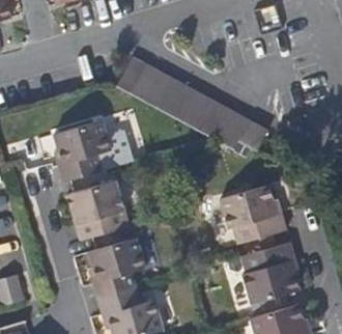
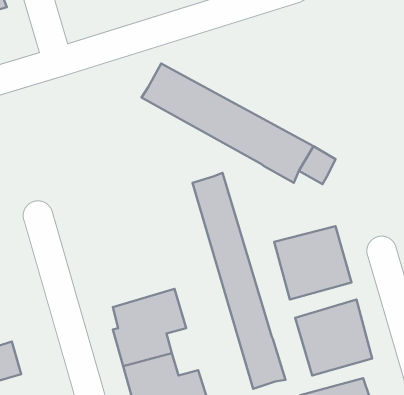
building: [40,116,123,186] -> none
building: none -> [192,173,286,389]
building: [63,179,125,242] -> none

